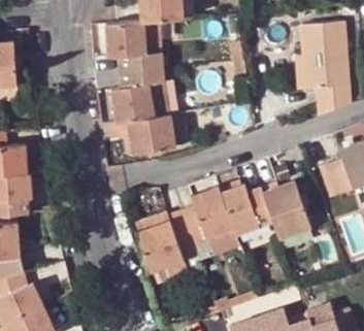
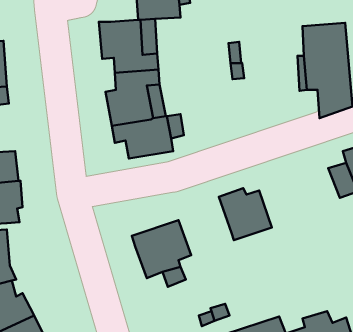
building: [260,177,312,237] -> none
building: [181,186,233,249] -> none

